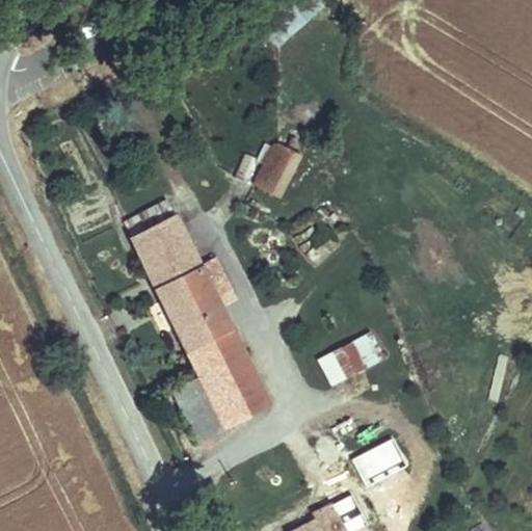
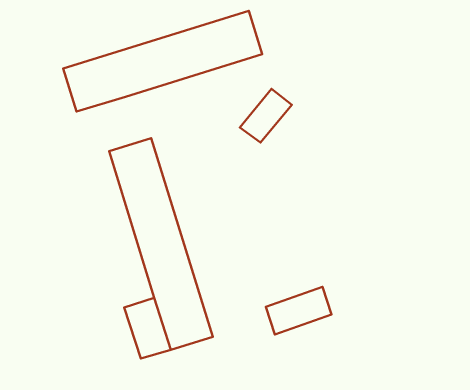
building: none -> [63,11,262,112]

